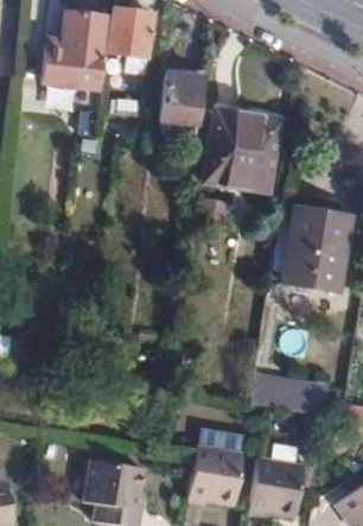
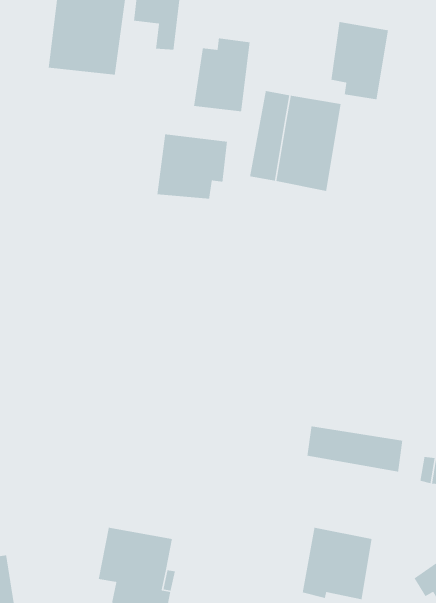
building: none -> [331,21,389,100]
building: none -> [157,133,228,200]
building: [282,214,346,291] -> none
building: [186,446,244,506] -> none

